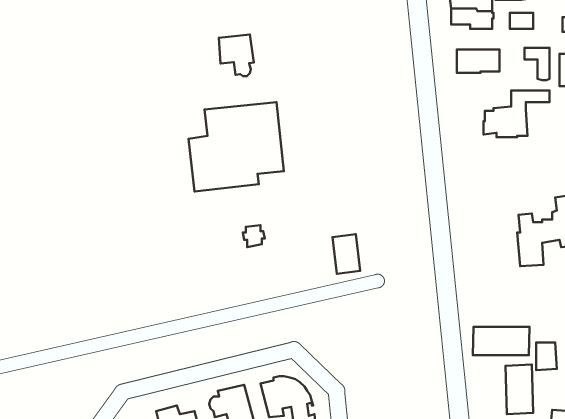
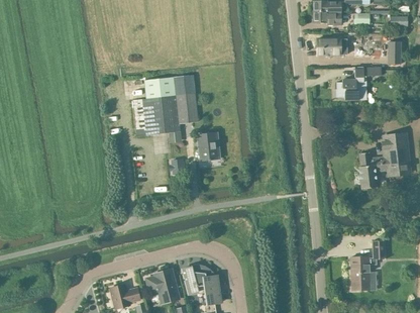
building: [219,34,254,76] -> none
building: [332,234,360,274] -> [199,132,218,160]
building: [473,327,529,355] -> none

